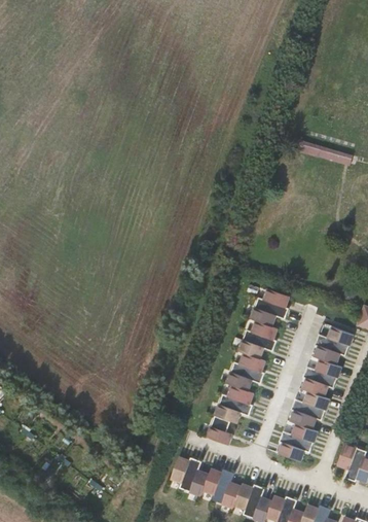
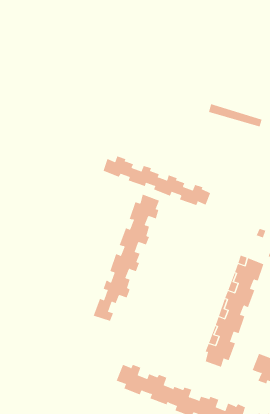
building: none -> [103,156,211,206]
building: [208,288,290,445] -> [93,194,160,322]

